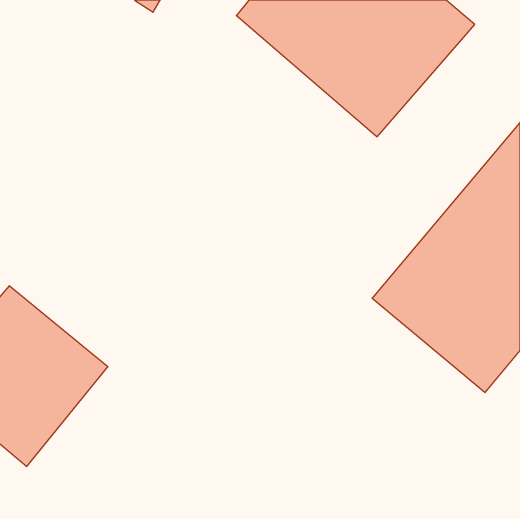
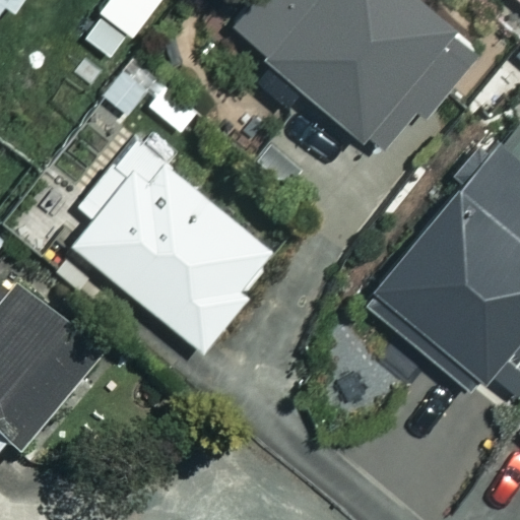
building: none -> [74,146,279,345]

